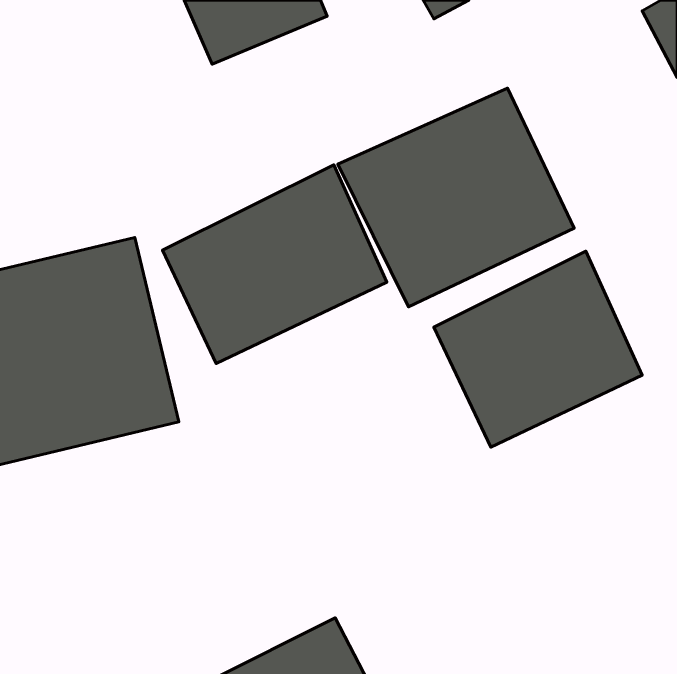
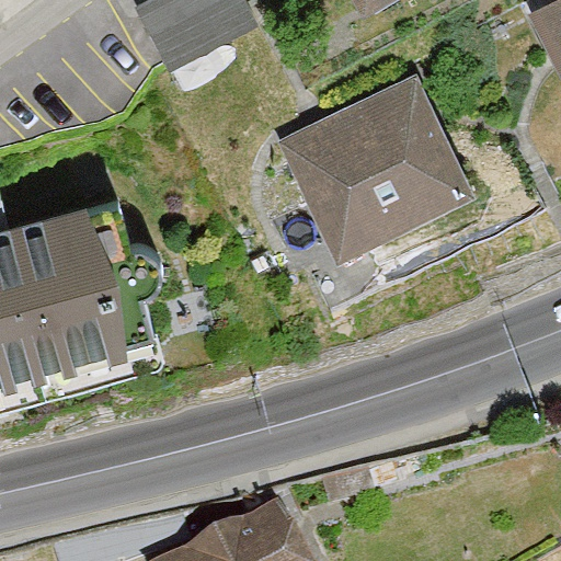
building: [162,165,387,363] -> none
building: [434,251,642,447] -> none

